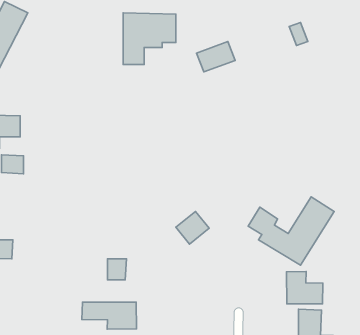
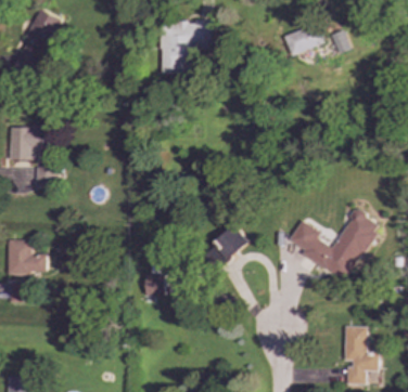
building: [196,42,235,72] -> [285,24,326,55]
building: [287,271,323,304] -> none
building: [82,302,136,329] -> none

